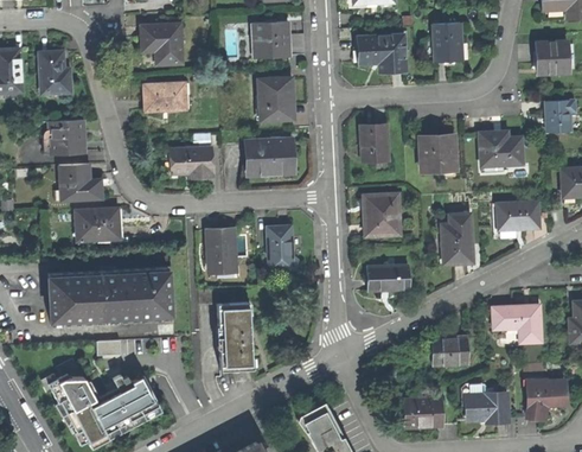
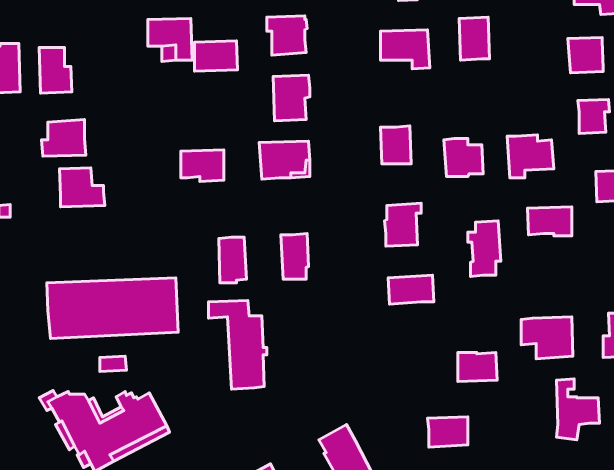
building: [146,82,186,110] -> [195,41,238,71]
building: [75,209,119,240] -> none
building: [460,388,506,422] -> none

